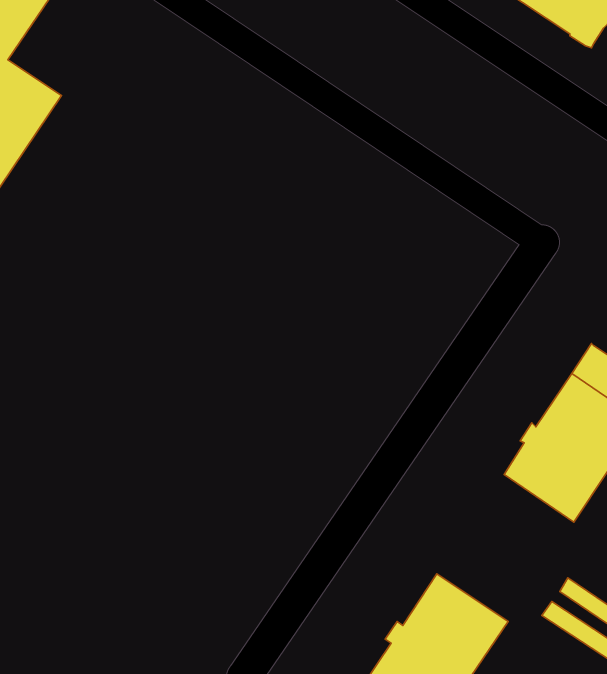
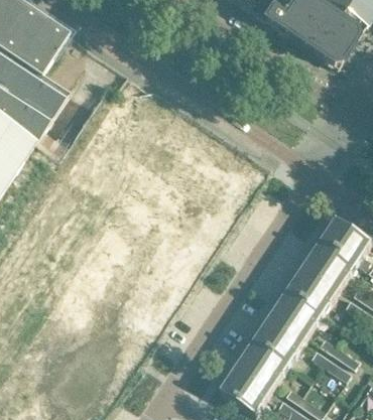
building: none -> [259,282,329,357]

